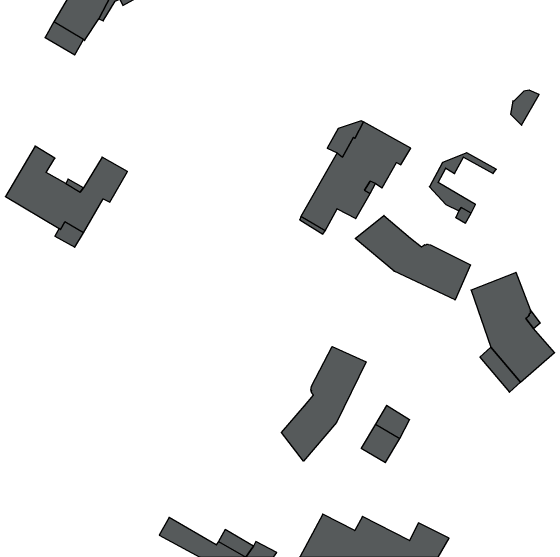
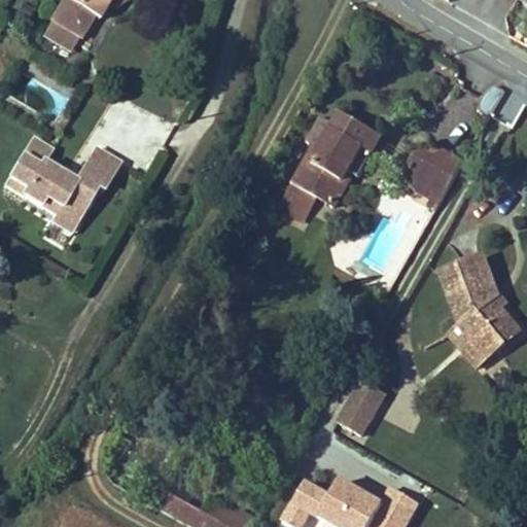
building: none -> [412,147,463,191]
building: [355,215,470,300] -> none
building: [281,347,366,461] -> none

